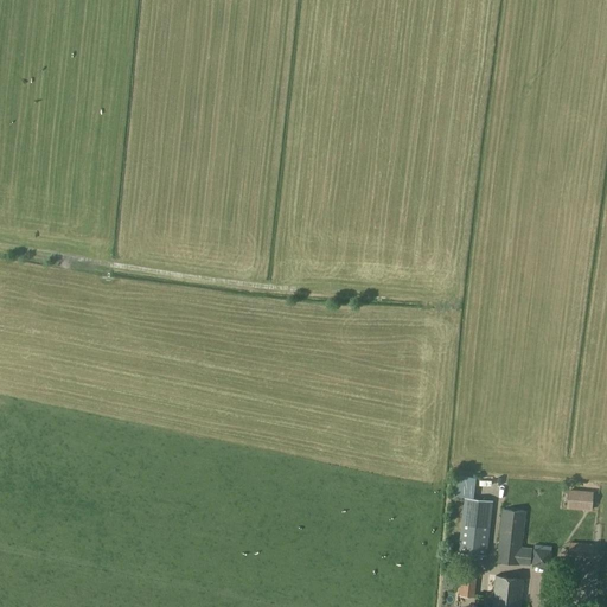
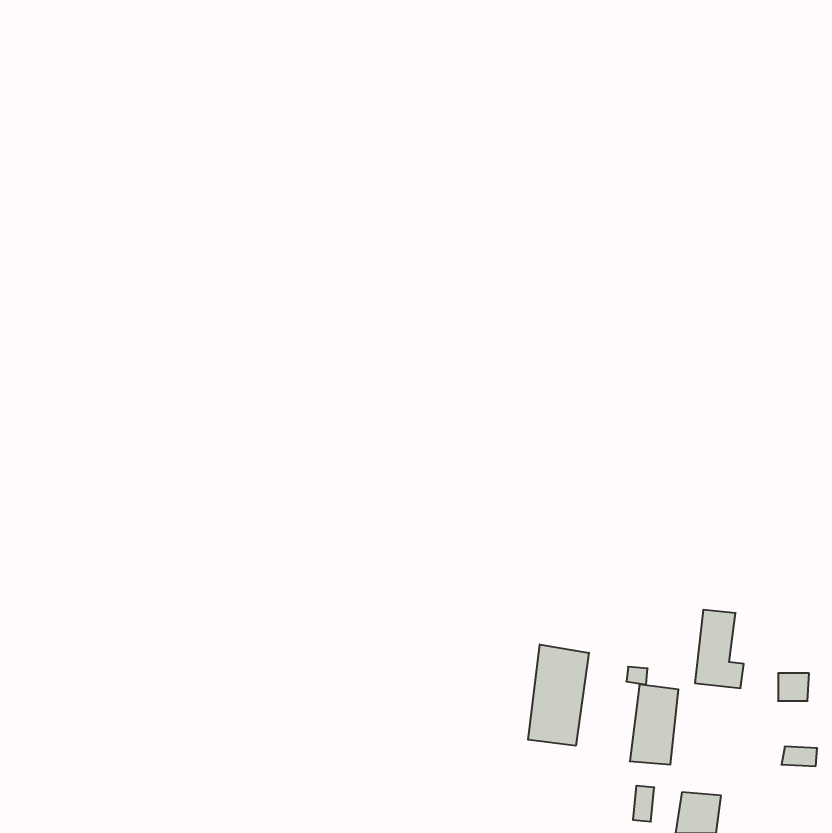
building: none -> [528,644,589,746]
building: [498,509,533,566] -> [695,610,744,688]

